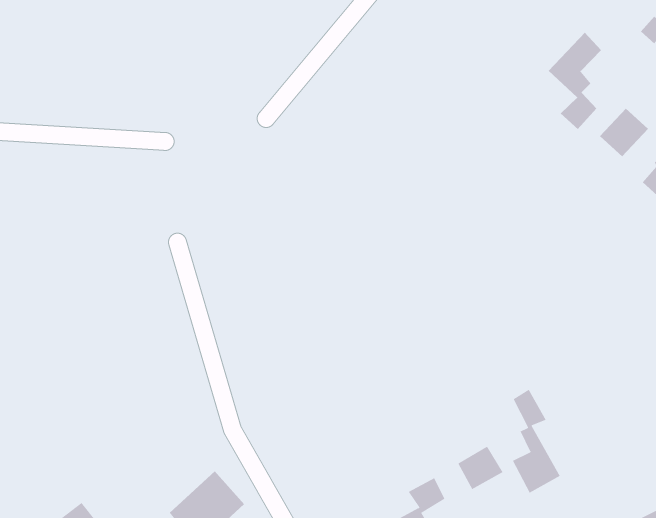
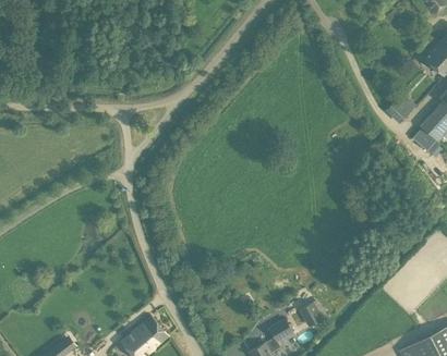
building: [548,32,602,130] -> none
building: [512,389,560,493] -> none

